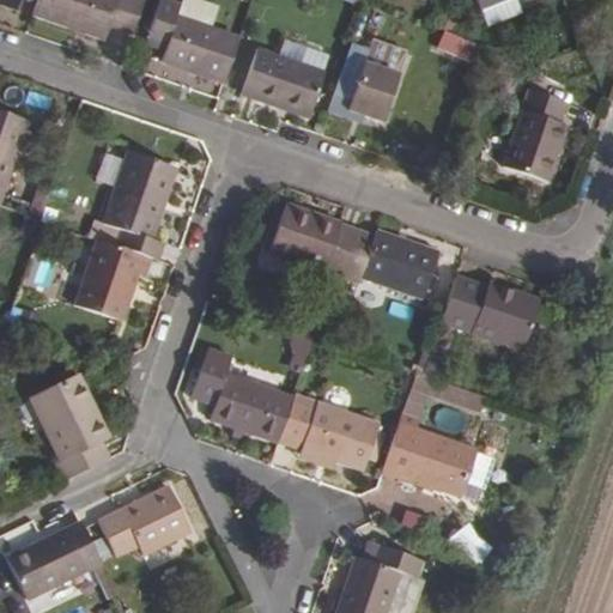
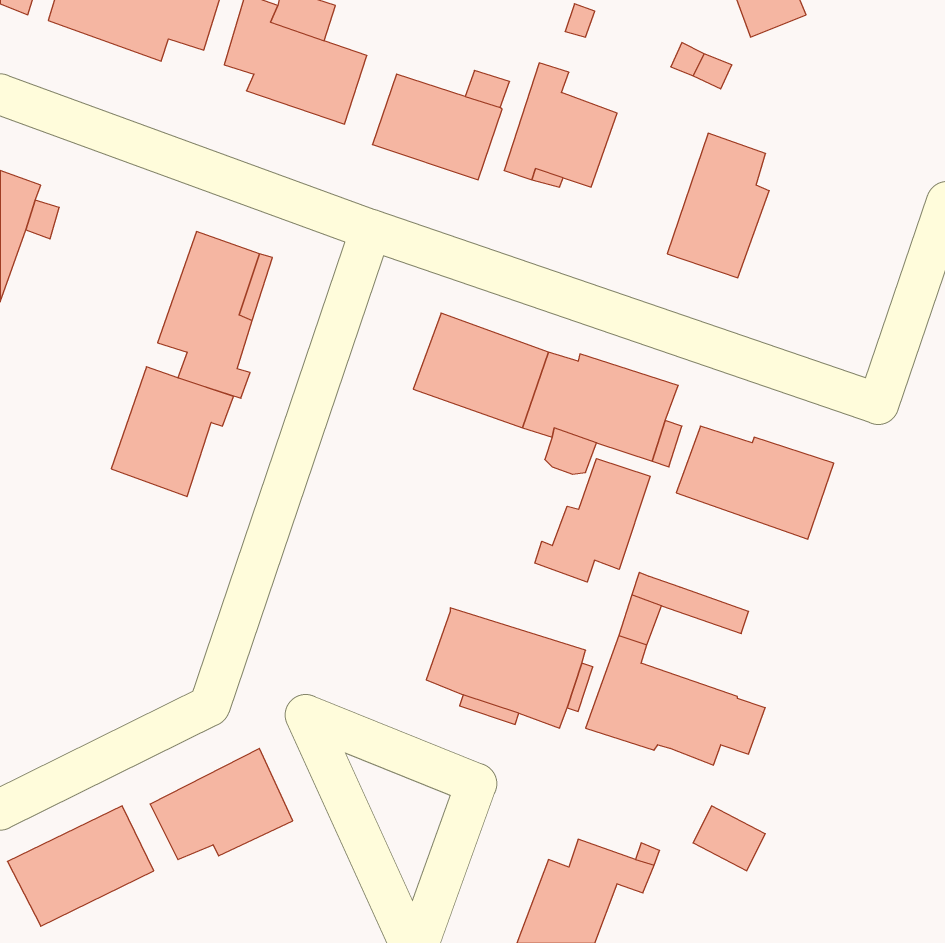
building: [503,87,569,181] -> [667,133,769,278]
building: none -> [535,459,650,582]
building: [192,347,292,439] -> none
building: [31,372,109,478] -> none

